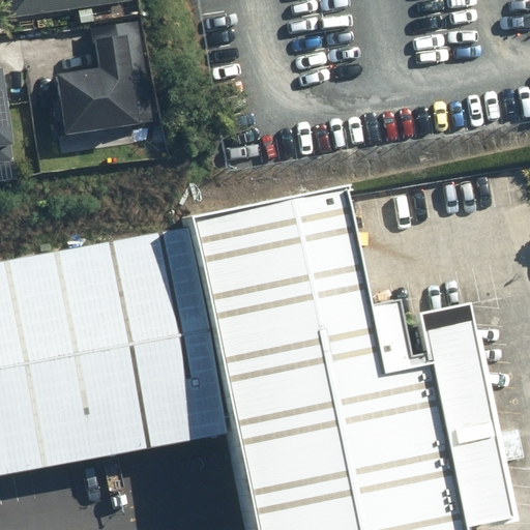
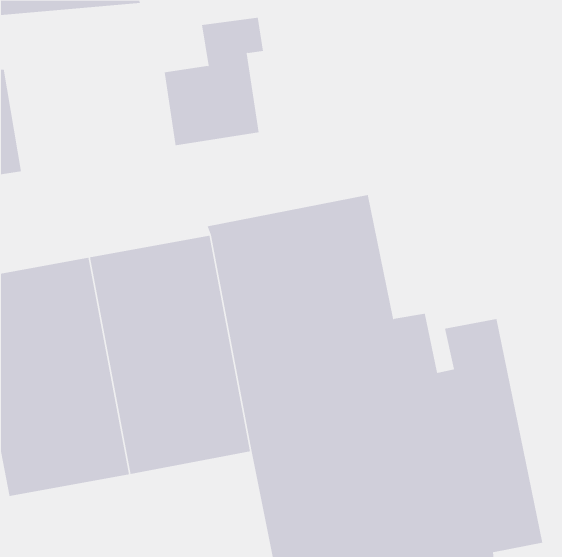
building: [52,22,146,143] -> [164,17,264,146]

